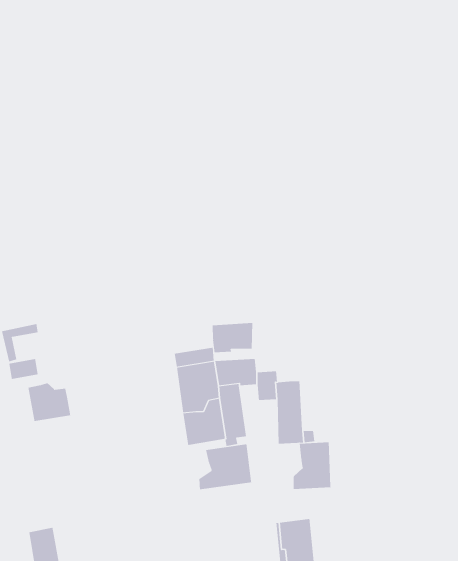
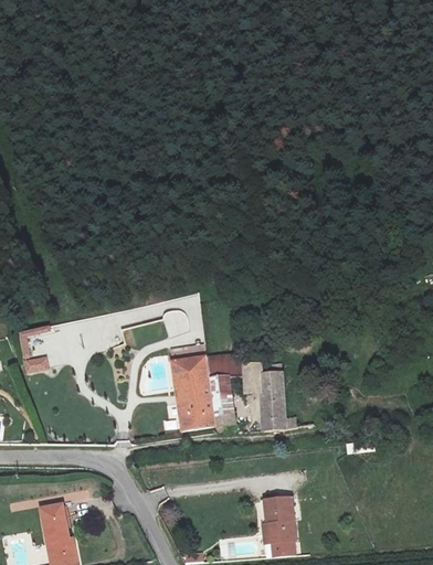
building: [212,322,253,353] -> none
building: [28,383,71,422] -> none
building: [293,442,331,490] -> none
building: [199,444,252,490] -> none

